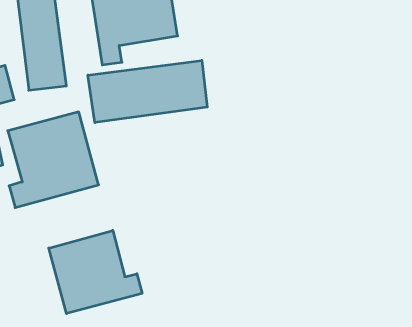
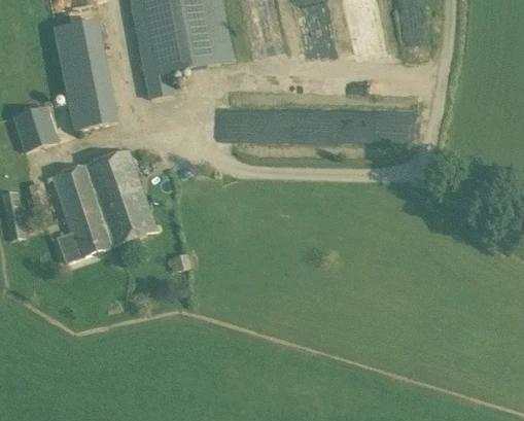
building: [88,60,207,123] -> none
building: [49,230,142,314] -> none

